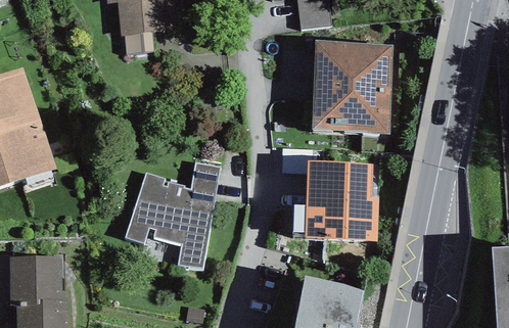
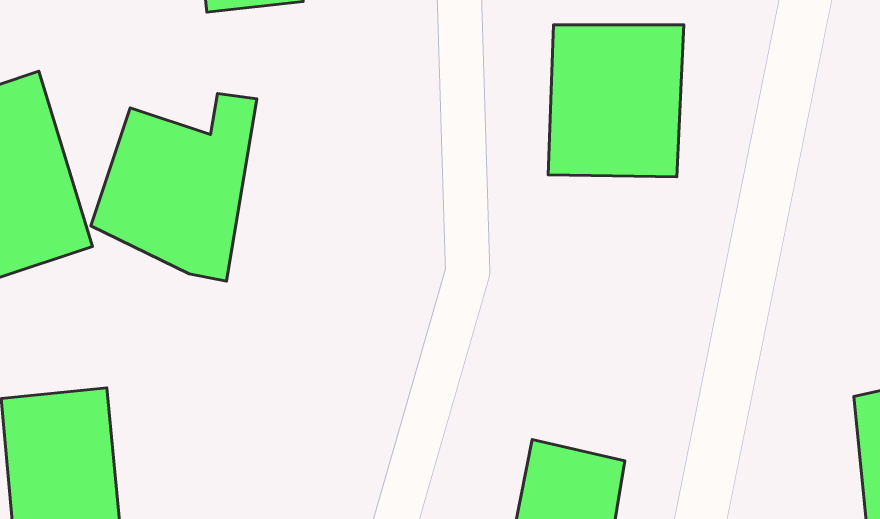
building: [124,161,219,269] -> [91,93,257,281]
building: [311,161,375,235] -> none

